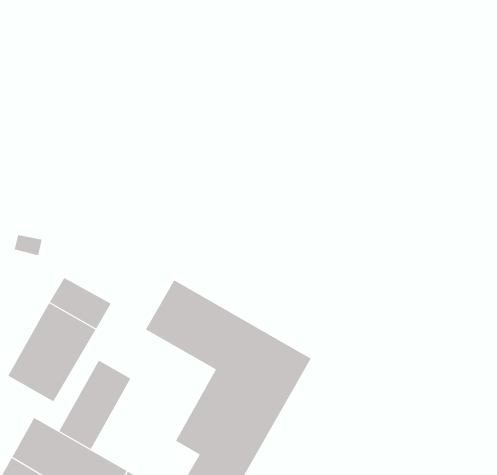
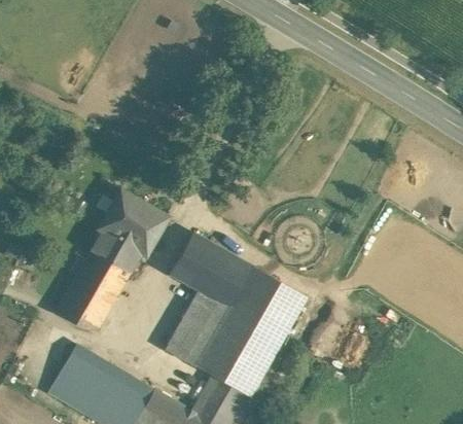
building: none -> [98,190,166,254]
building: [59,360,131,450] -> [167,291,226,365]

